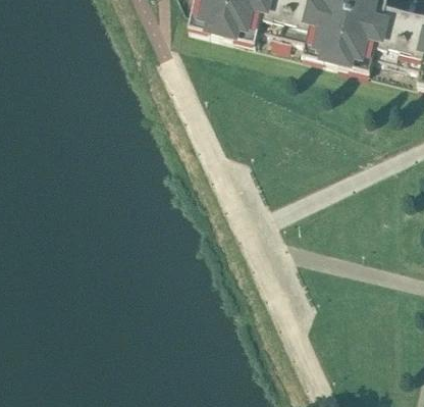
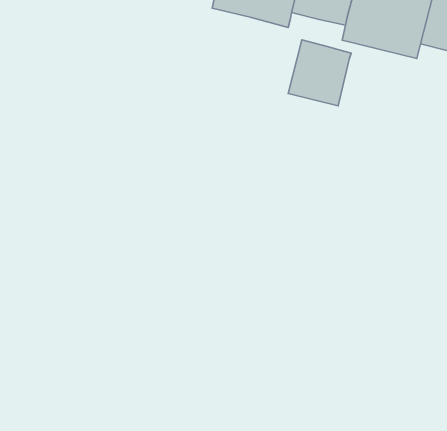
building: none -> [288,40,351,106]

